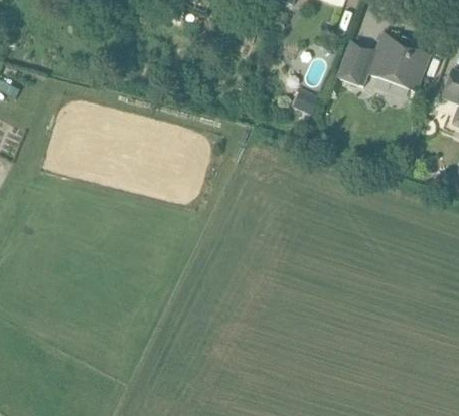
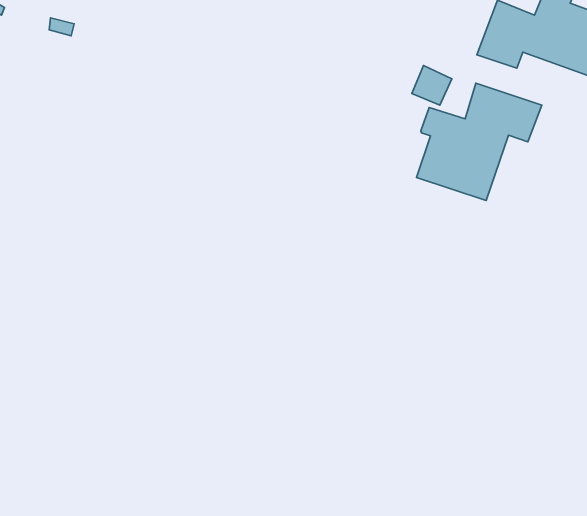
building: none -> [416,83,542,200]

